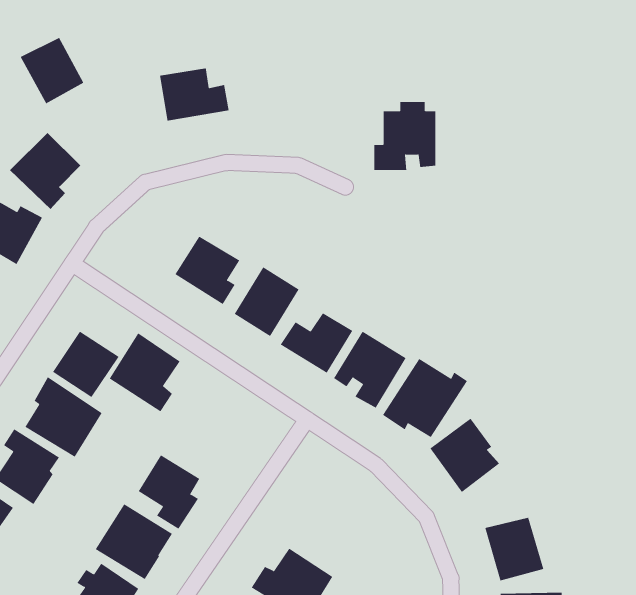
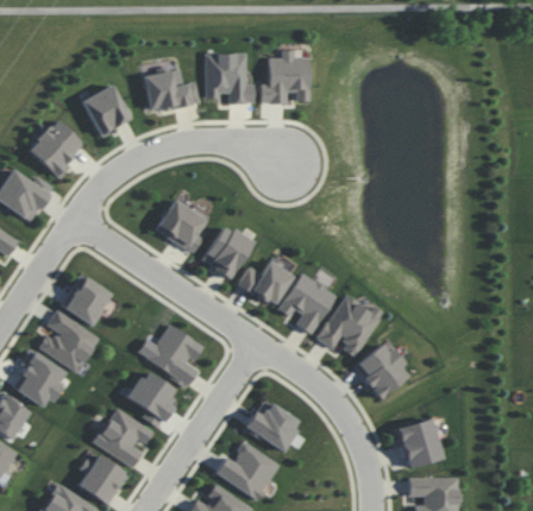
building: [20,37,84,104] -> [80,84,130,137]
building: none -> [203,52,253,103]
building: [374,102,436,170] -> [261,50,309,103]
building: [109,333,181,412] -> [146,323,202,385]
building: none -> [245,399,300,450]

